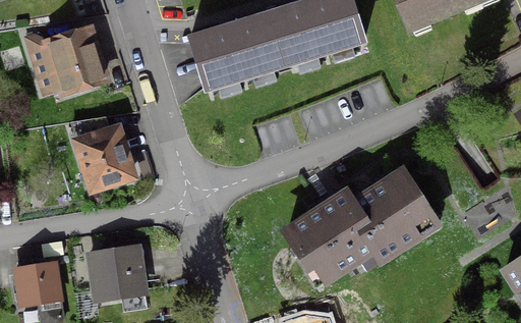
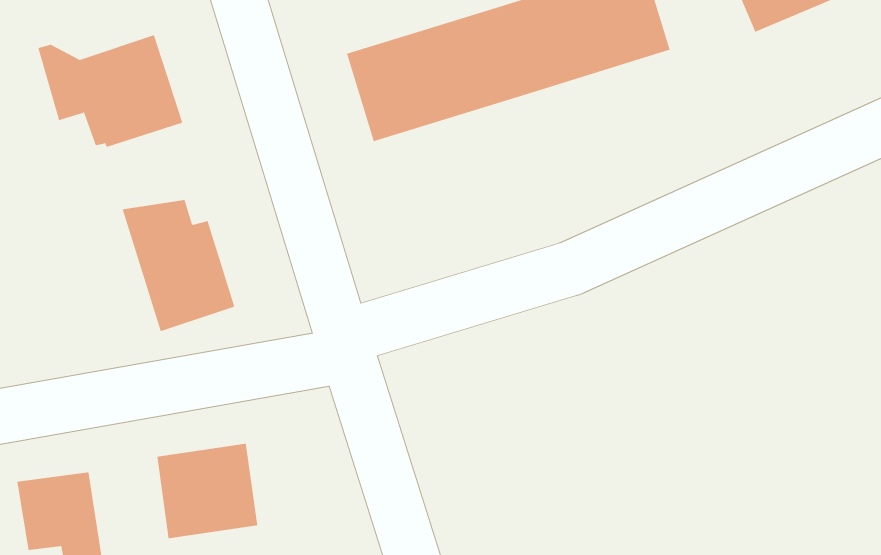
building: [286,171,431,278] -> none

